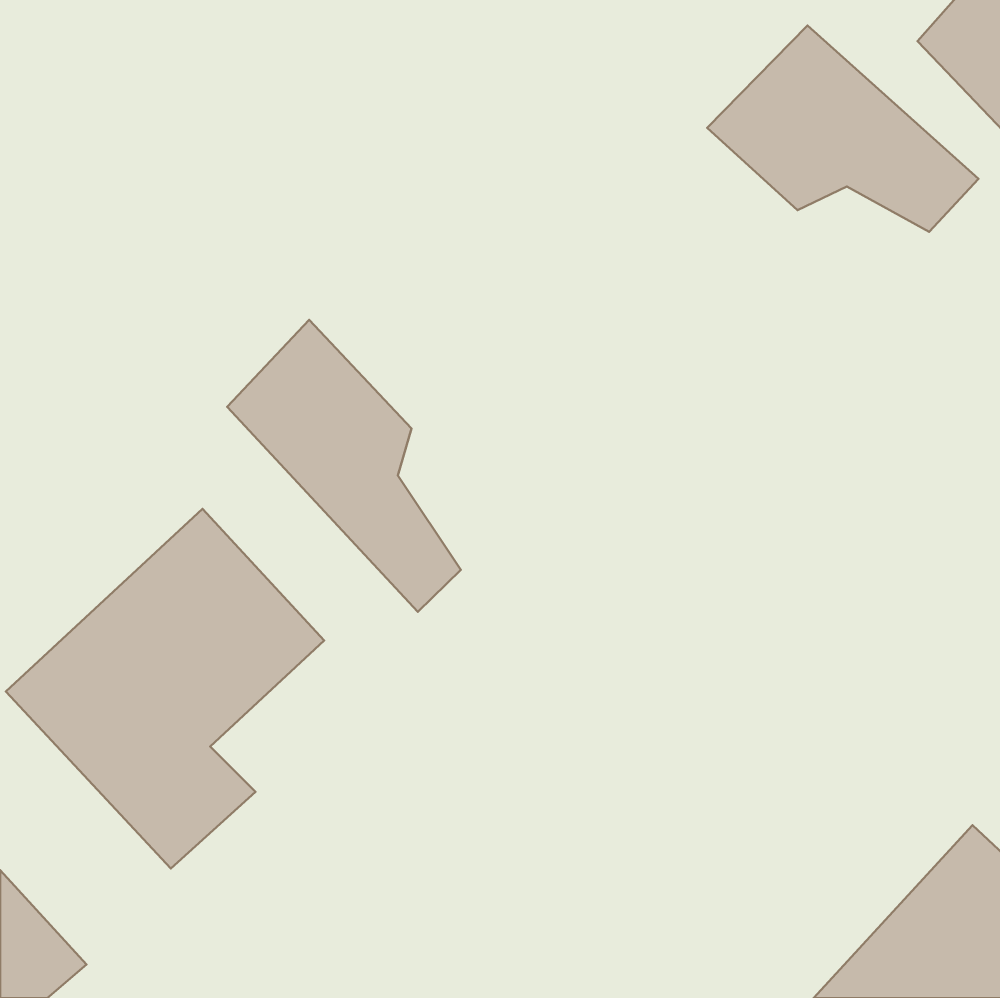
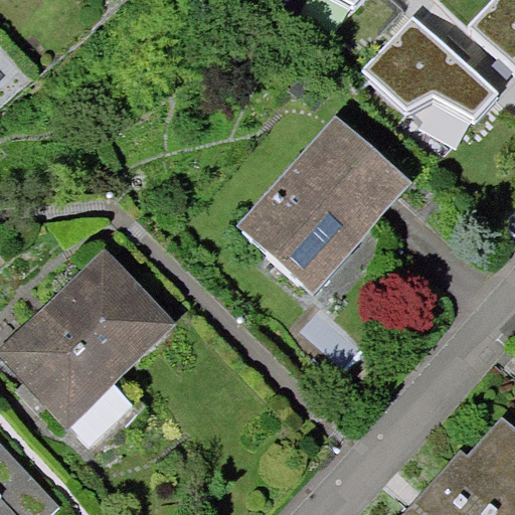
building: none -> [244,128,399,288]
building: [227,320,461,612] -> none

